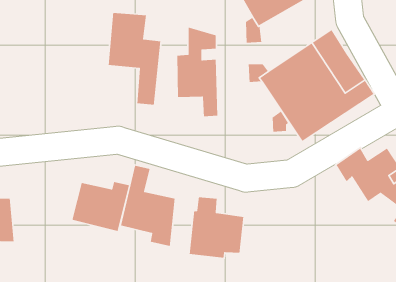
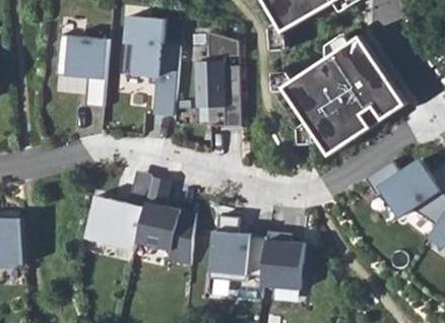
building: none -> [54,36,108,109]
building: none -> [262,229,304,287]

